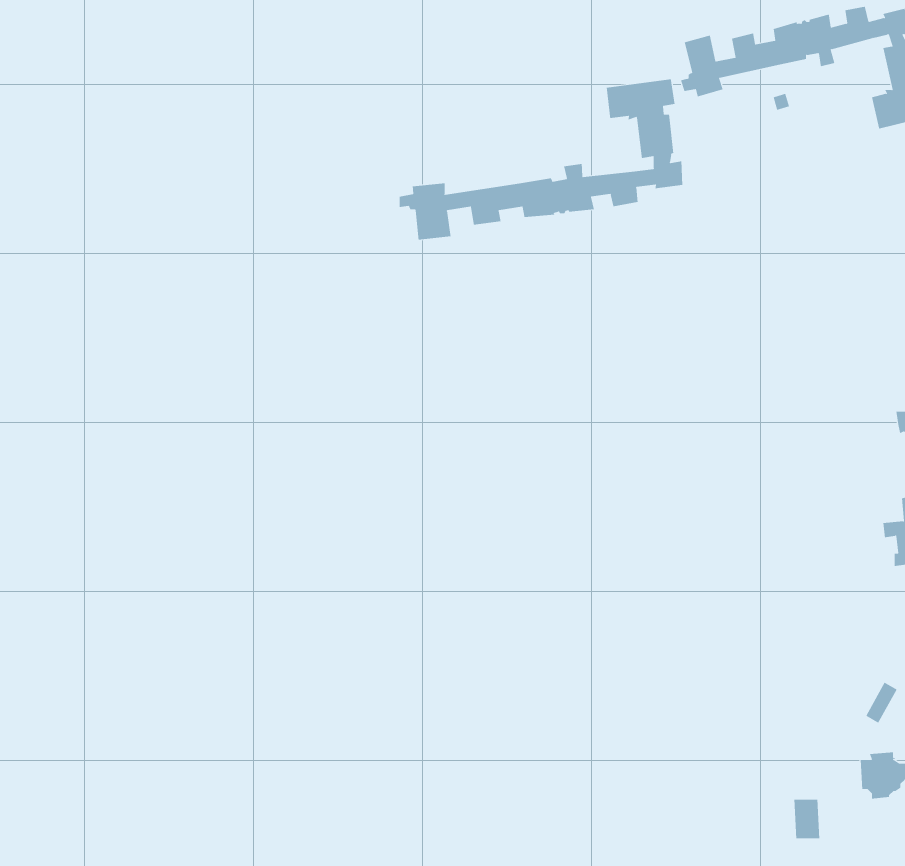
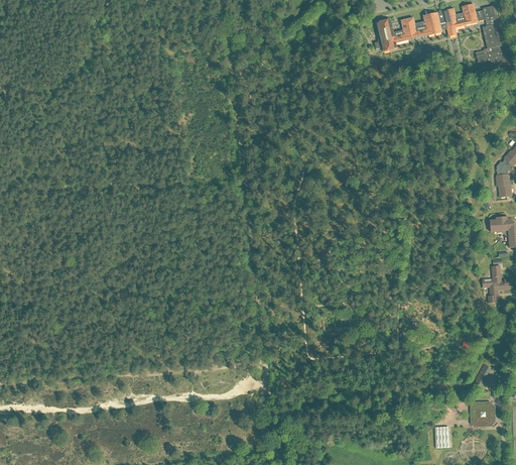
building: [399,79,683,240] -> none

